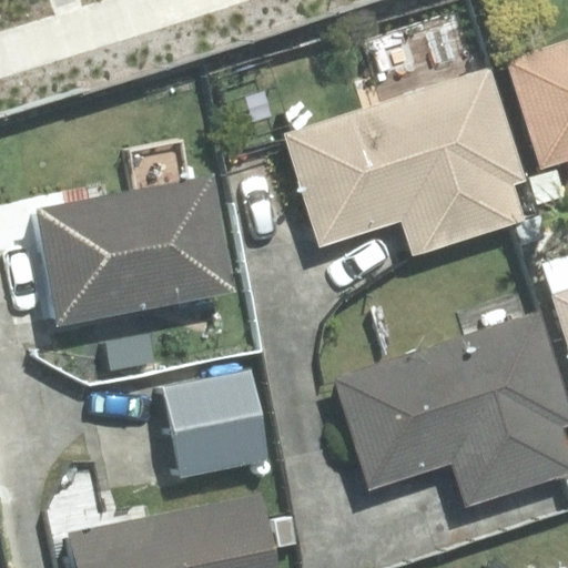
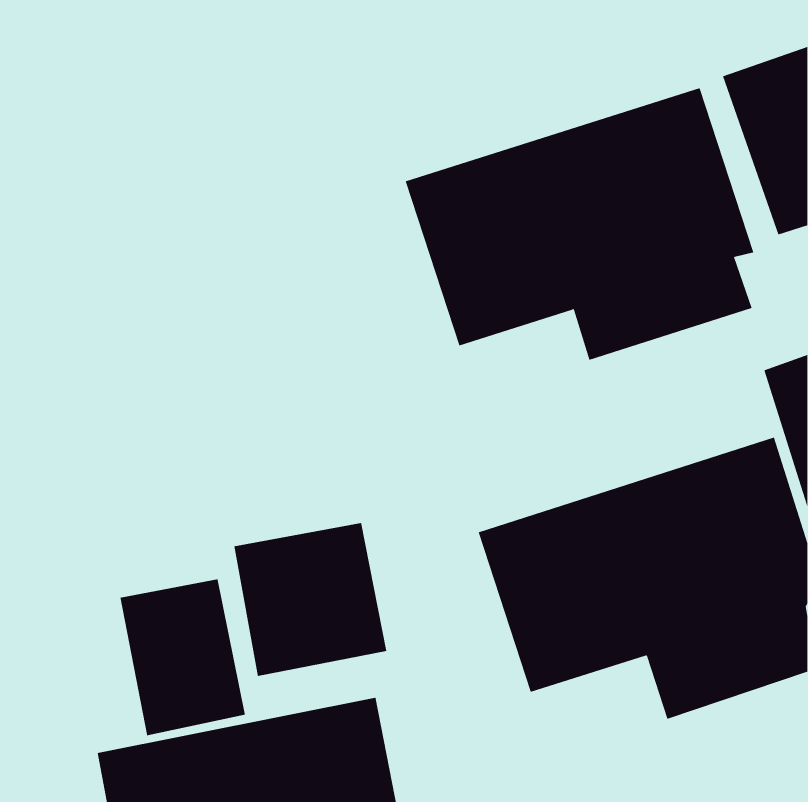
building: [38,173,237,325] -> none
building: none -> [120,579,245,736]

